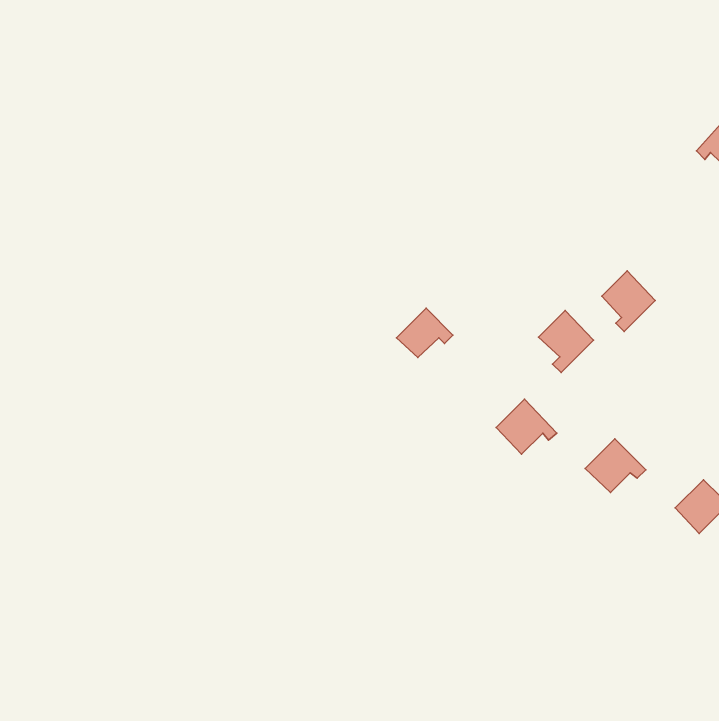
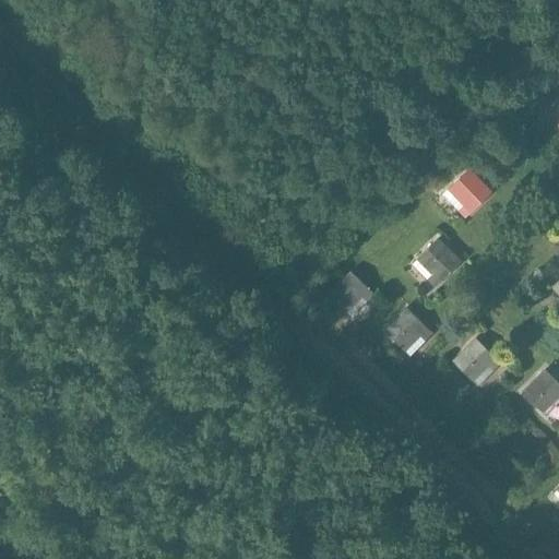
building: [602,271,655,332] -> [450,170,491,217]
building: [397,308,453,358] -> [330,273,373,311]

